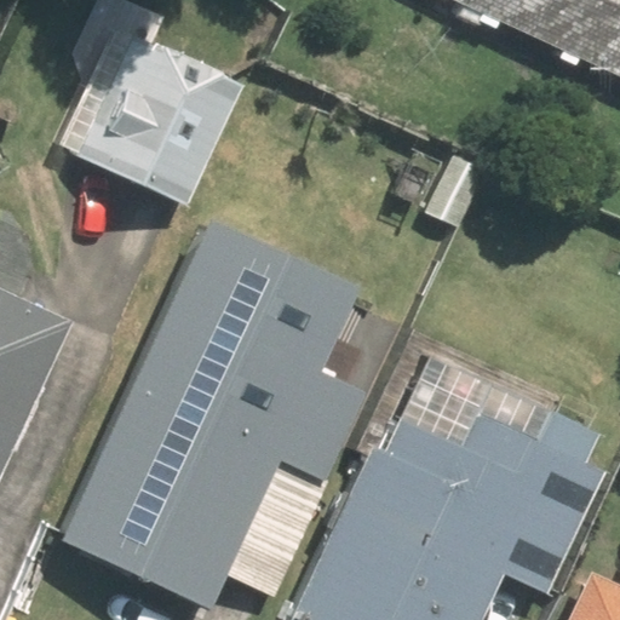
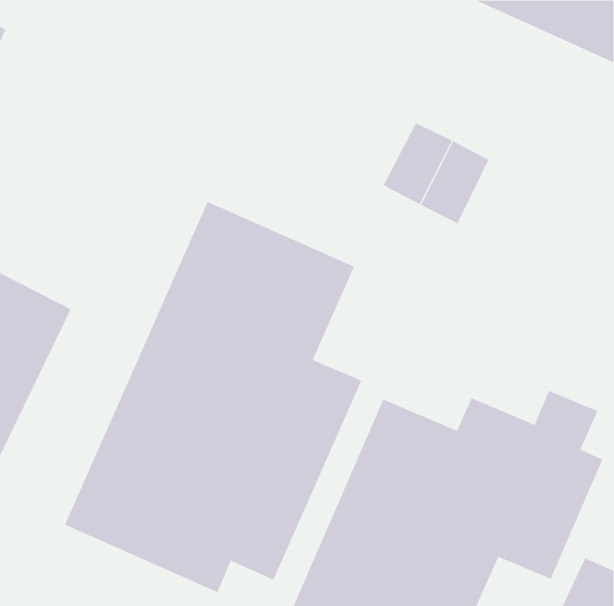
building: [61,21,249,211] -> none

